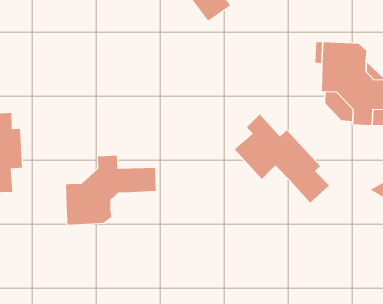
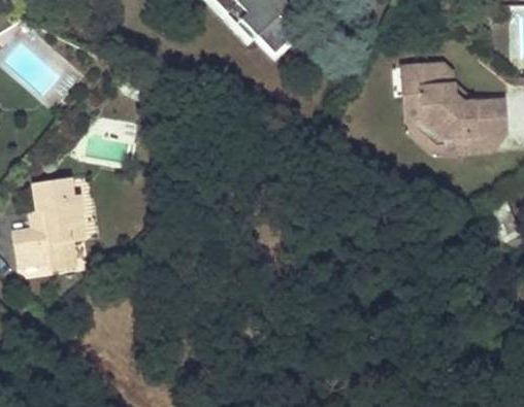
building: [234,114,330,203] -> none
building: [65,155,156,225] -> none

